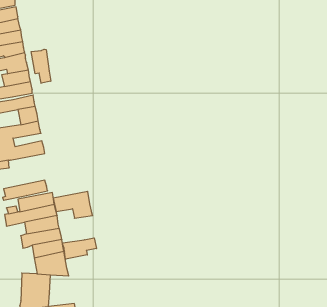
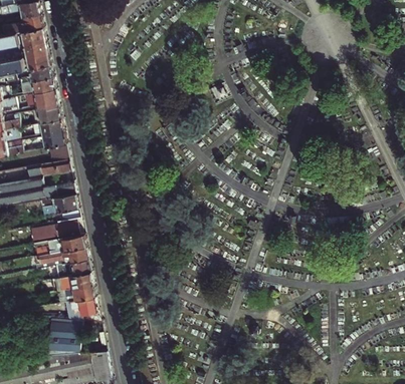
building: [31,49,51,83] -> none
building: [53,191,93,218] -> [38,195,79,223]
building: [63,238,96,259] -> none

